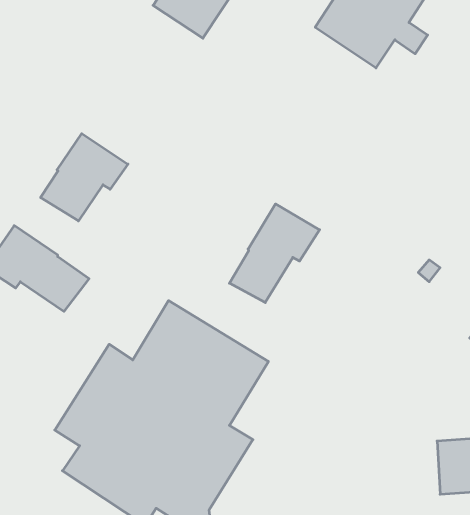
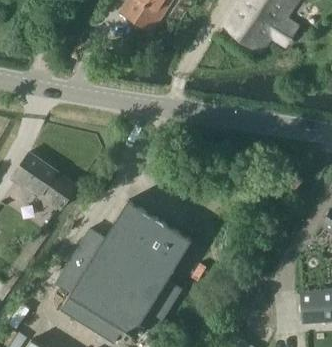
building: [41,134,128,221] -> none
building: [229,204,320,303] -> none

